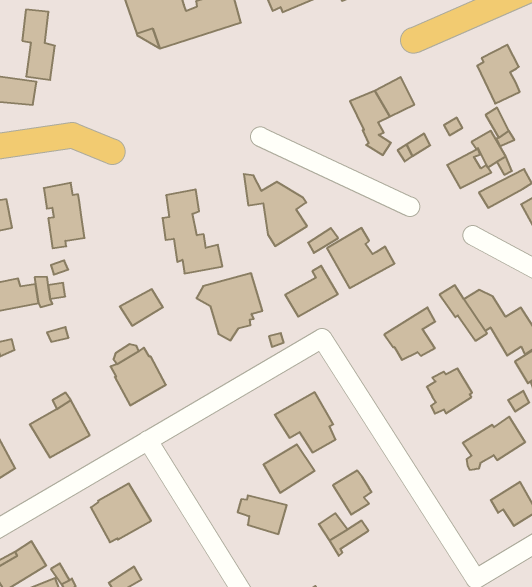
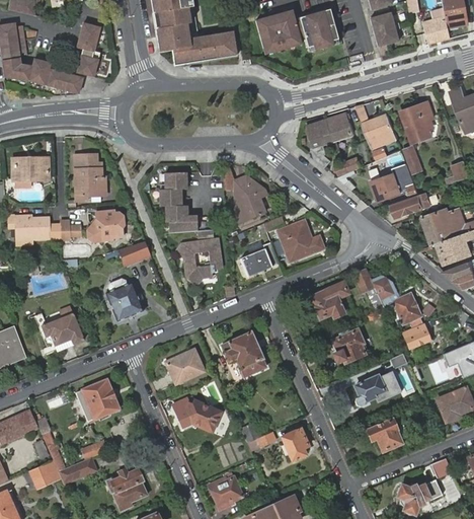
building: none -> [357,103,399,148]
building: none -> [89,209,124,240]
building: [263,444,315,493] -> [167,350,204,383]
building: [333,471,372,515] -> [282,429,309,460]

